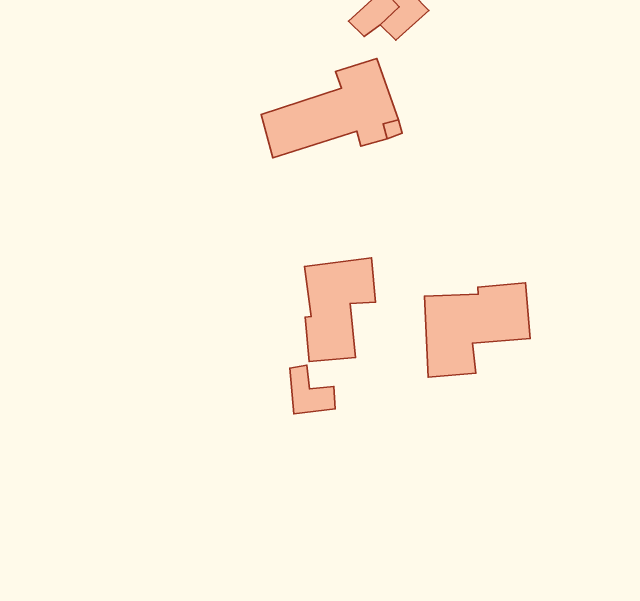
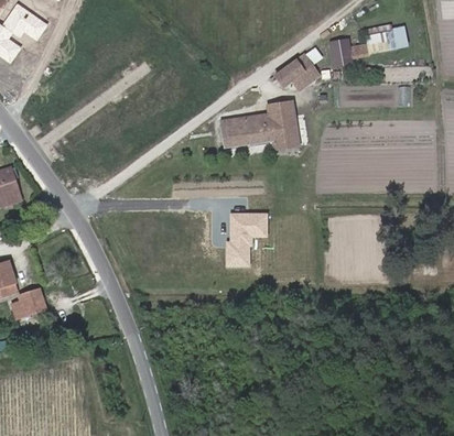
building: [424,283,530,377] -> none
building: [290,365,335,414] -> none

